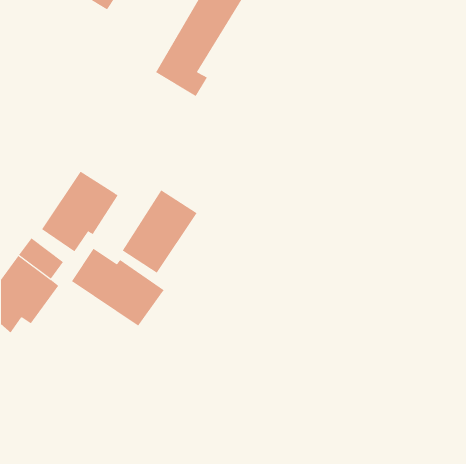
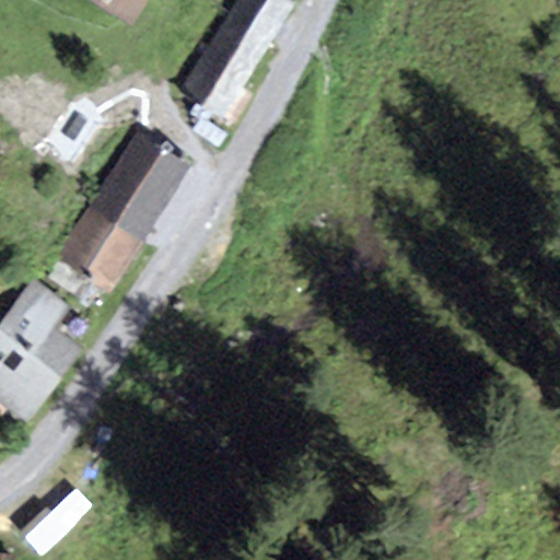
building: [122,189,197,273] -> [96,131,187,232]
building: [71,248,164,327] -> none

